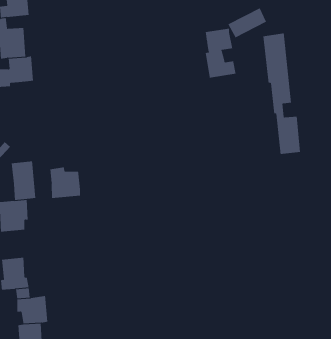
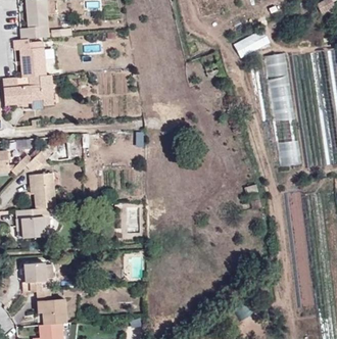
building: [205,28,236,78] -> none
building: [50,166,81,199] -> none

